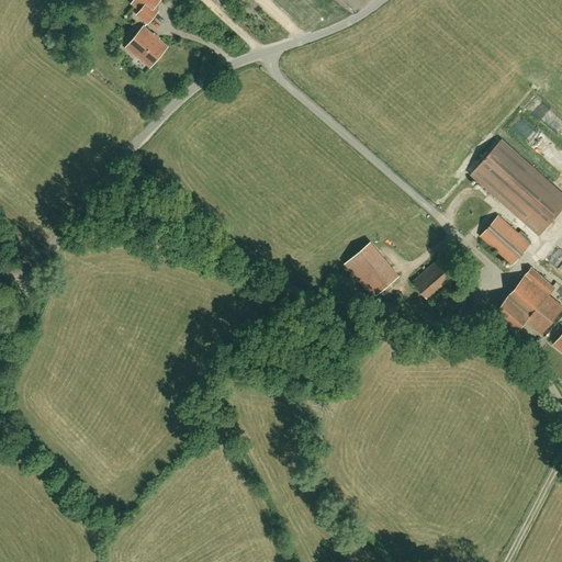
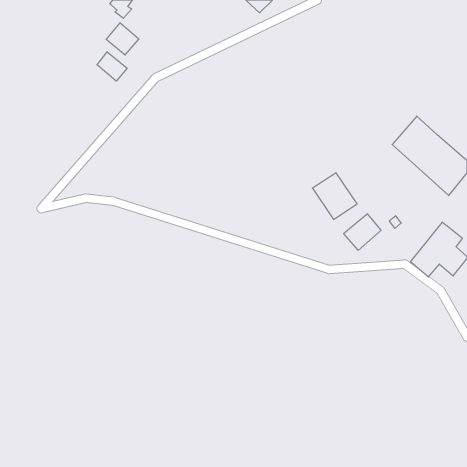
building: none -> [97,52,127,81]
building: [480,216,530,265] -> none
building: [339,239,393,295] -> [312,173,357,219]

